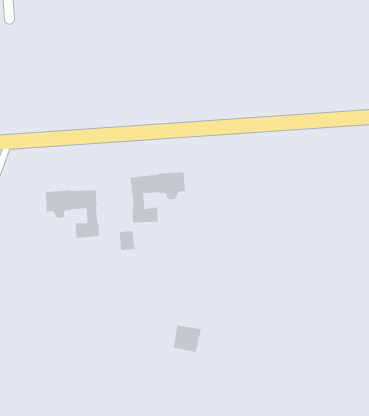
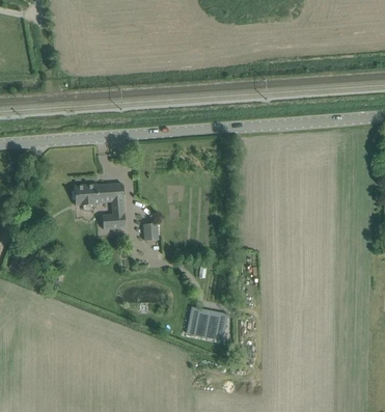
building: [130,172,186,223] -> none

